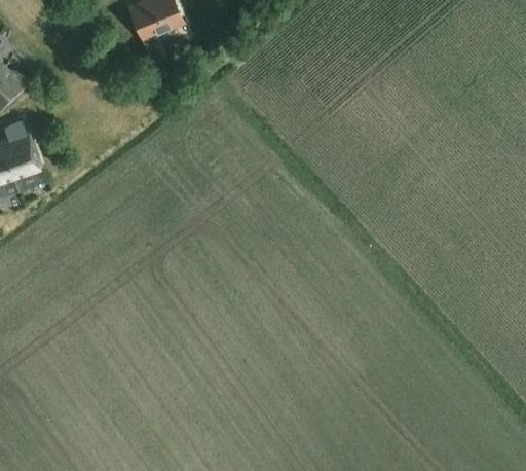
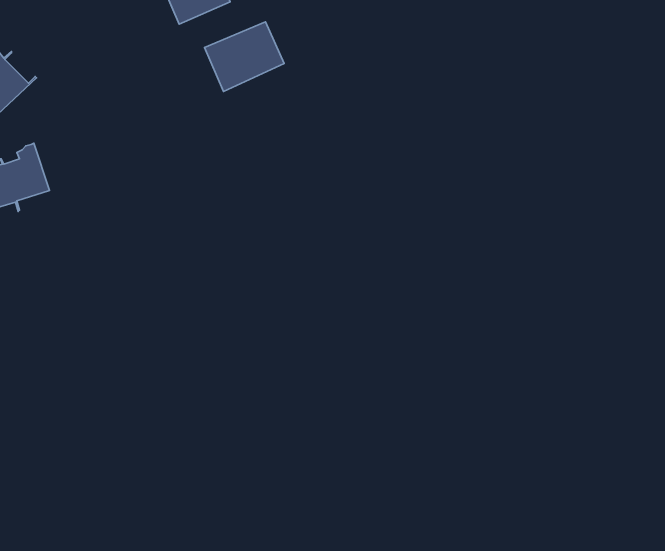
building: none -> [204,22,284,91]

